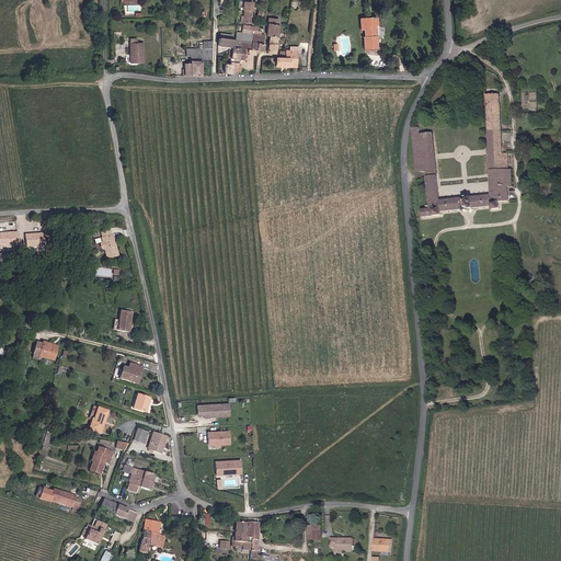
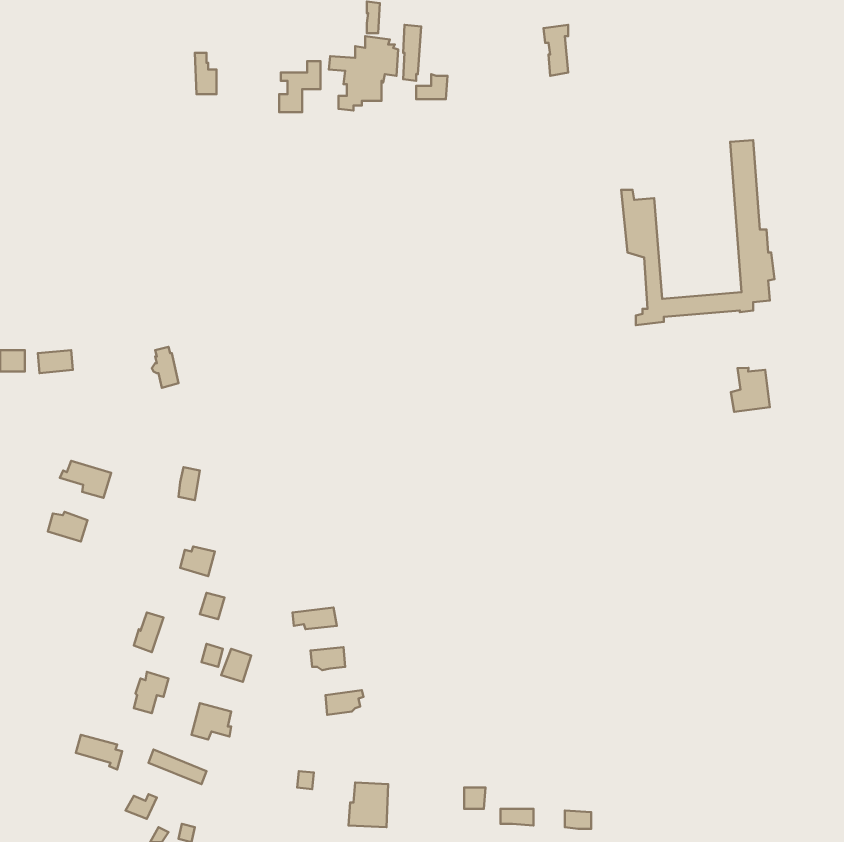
building: none -> [731,368,770,412]
building: none -> [60,461,111,498]
building: [137,518,164,551] -> none

